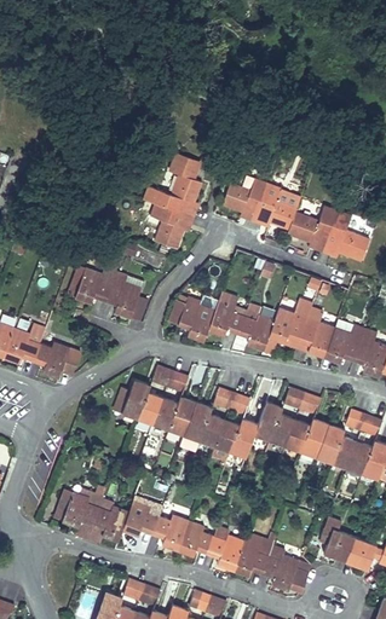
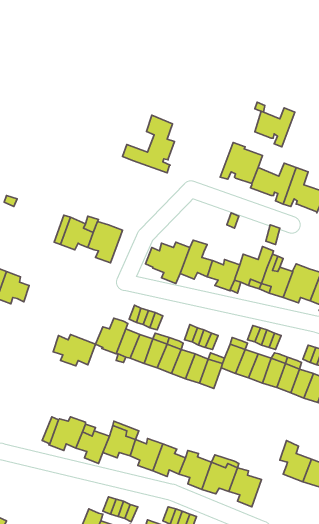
building: [223,179,267,222] -> [255,108,295,147]
building: [150,204,194,249] -> none
building: [34,342,81,377] -> [53,334,95,366]

